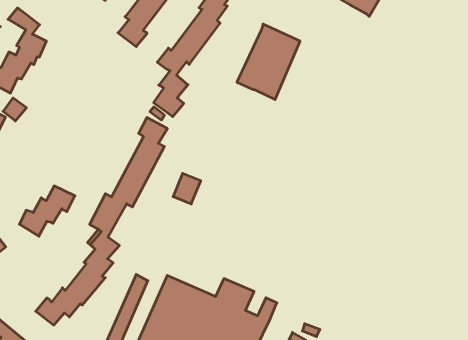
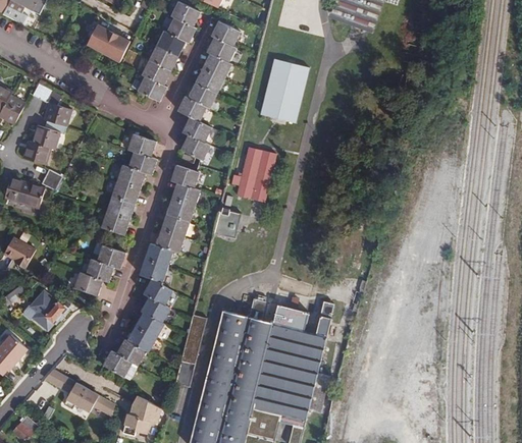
building: none -> [101,133,155,233]
building: none -> [229,147,277,203]

